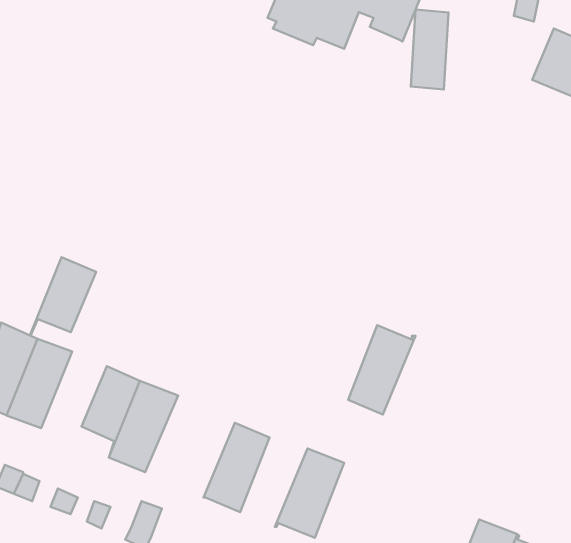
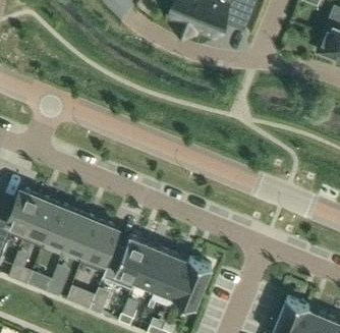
building: [411,10,449,89] -> none
building: [31,257,96,336] -> [43,204,79,247]
building: [348,325,416,414] -> [154,252,191,301]
building: none -> [103,235,151,289]

